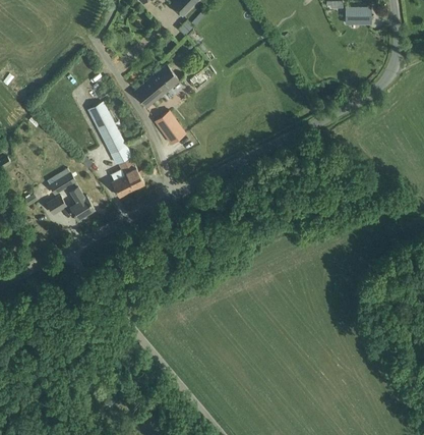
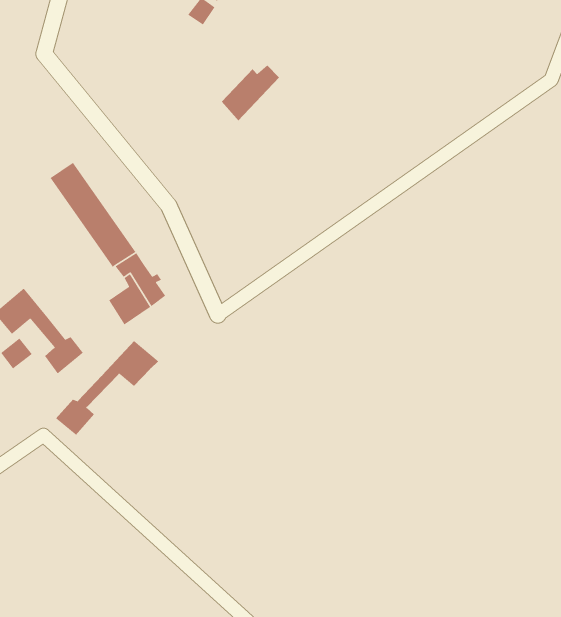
building: [133,64,179,107] -> none
building: [155,110,185,144] -> none
building: none -> [55,340,159,436]

